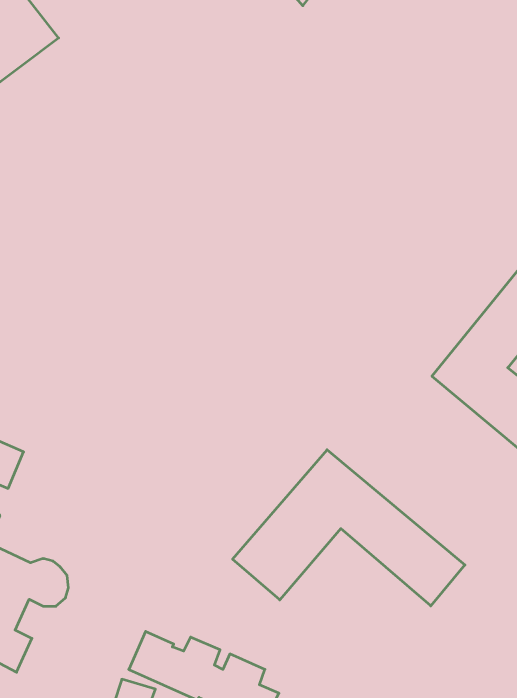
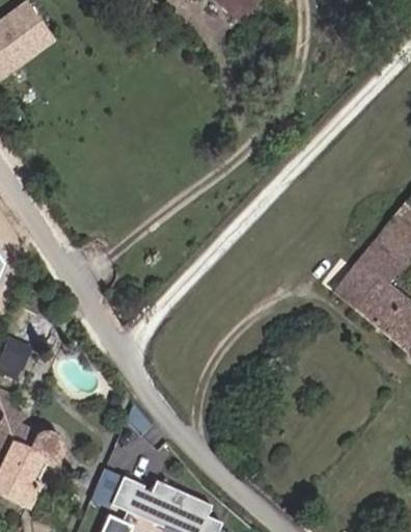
building: [233,450,465,606] -> none

